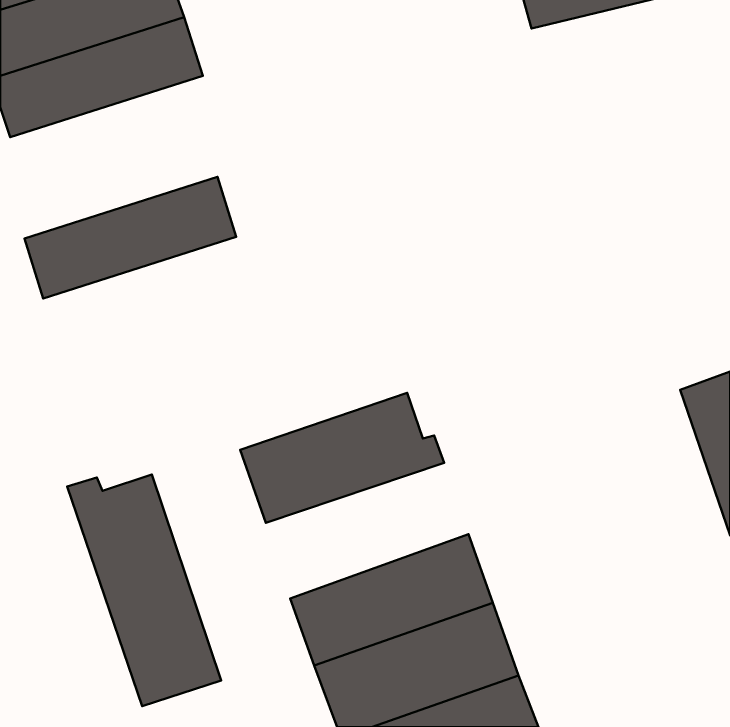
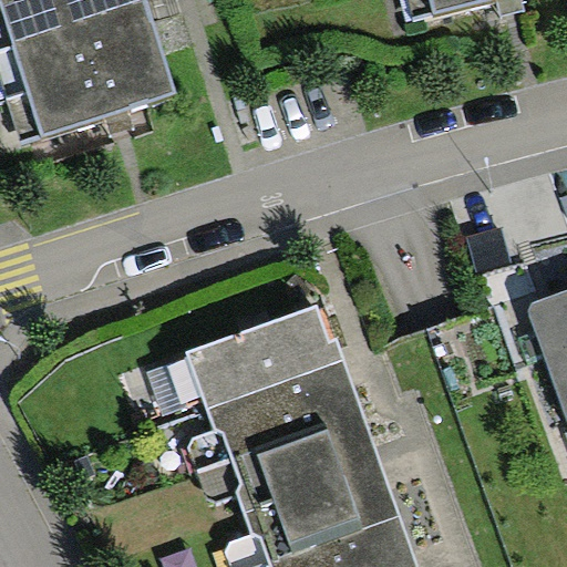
building: [25,177,236,298] -> [8,59,172,153]
building: none -> [206,359,363,464]
building: [67,474,221,706] -> none

